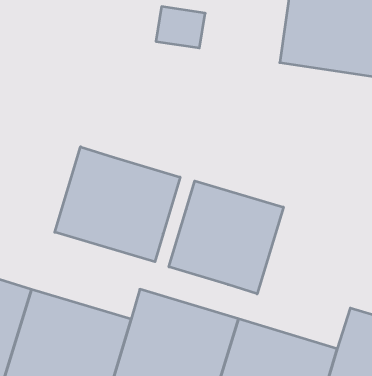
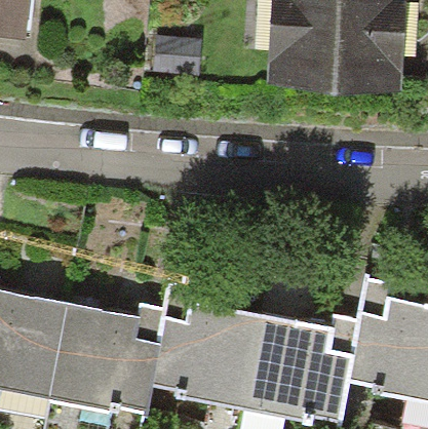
building: [55,147,180,262] -> none
building: [169,181,283,294] -> none

